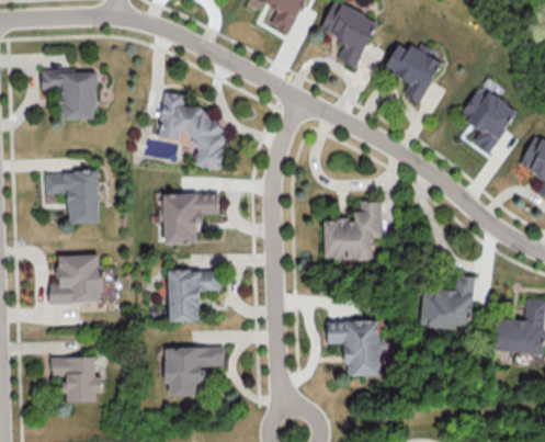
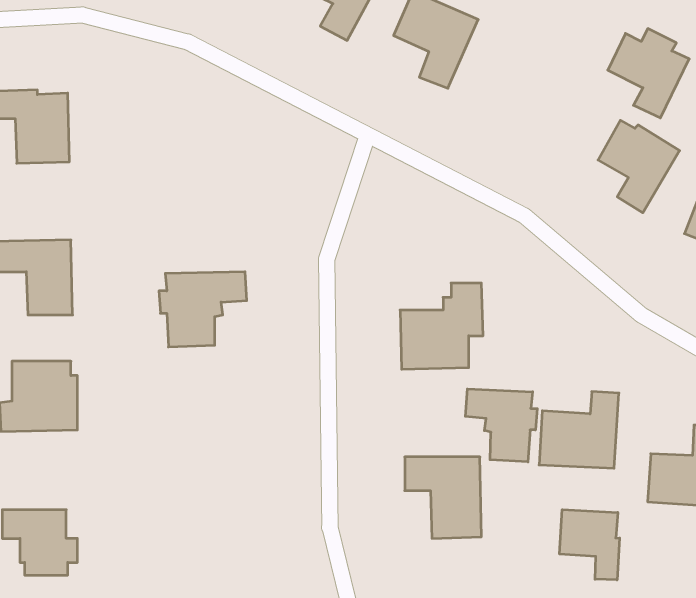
building: [385,41,441,102] -> [608,29,689,118]
building: [158,91,225,169] -> none
building: [168,269,222,321] -> none
building: none -> [465,389,537,462]
building: [166,347,224,396] -> none
building: none -> [560,510,620,580]

